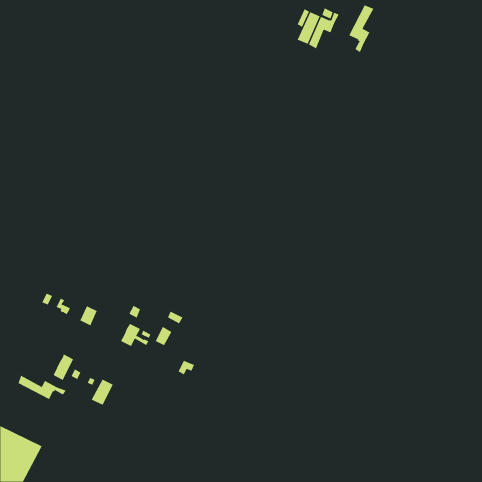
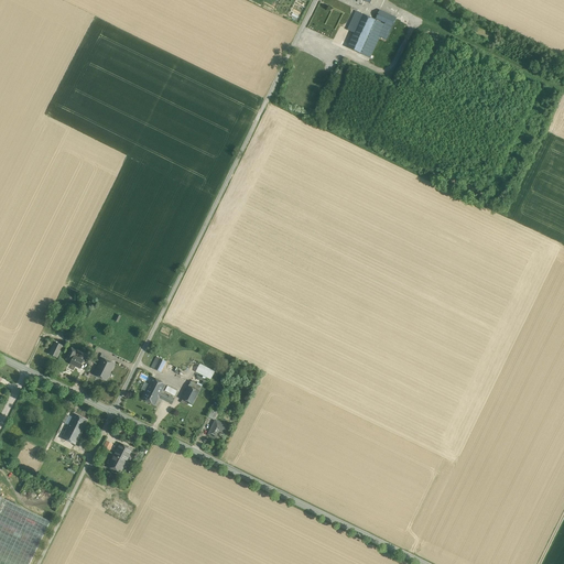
building: [349,5,374,53] -> none
building: [18,375,66,400] -> none

